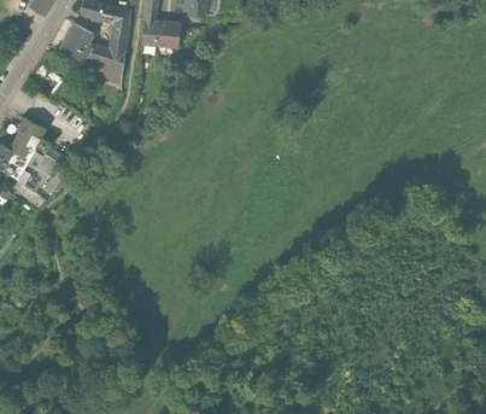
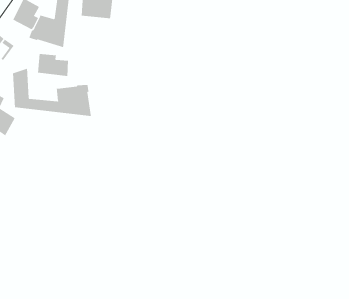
building: none -> [38,53,69,77]
building: none -> [13,68,91,117]

